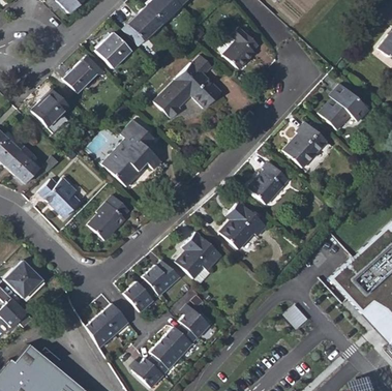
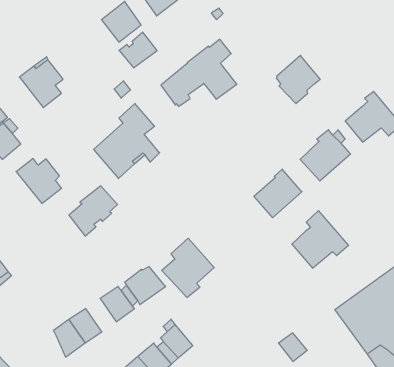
building: [221,27,260,69] -> [276,55,320,104]
building: [63,60,96,92] -> [119,32,157,68]
building: [219,200,269,250] -> [292,211,349,268]

